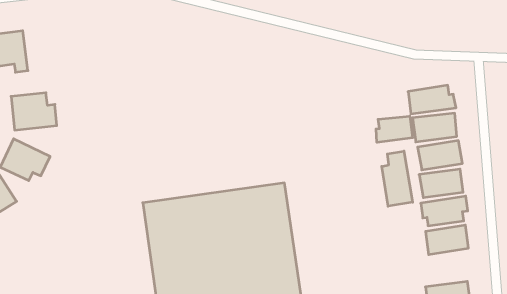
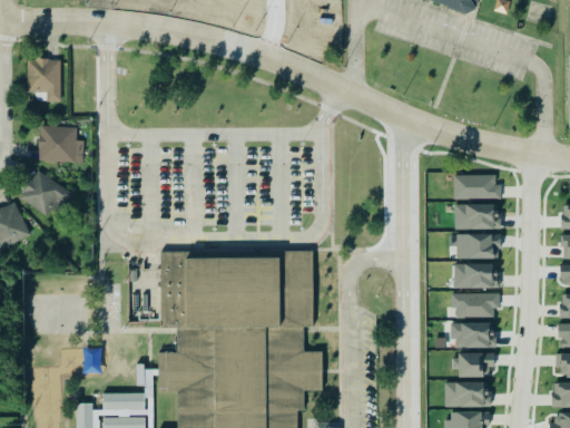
building: [376,116,413,142] -> none
building: [382,151,413,206] -> none
building: none -> [458,353,492,377]

